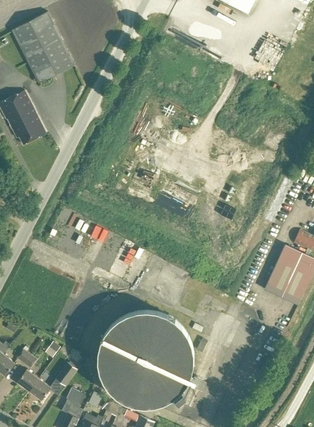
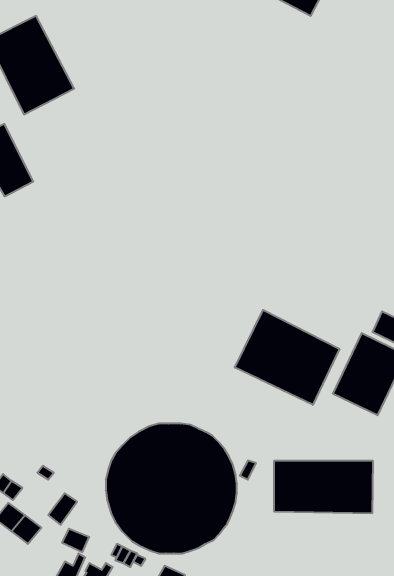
building: none -> [235,310,339,405]
building: none -> [274,461,373,513]

